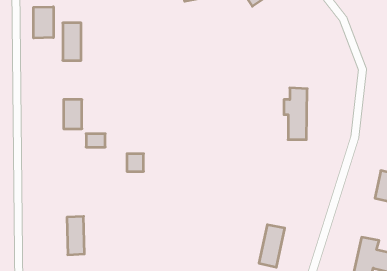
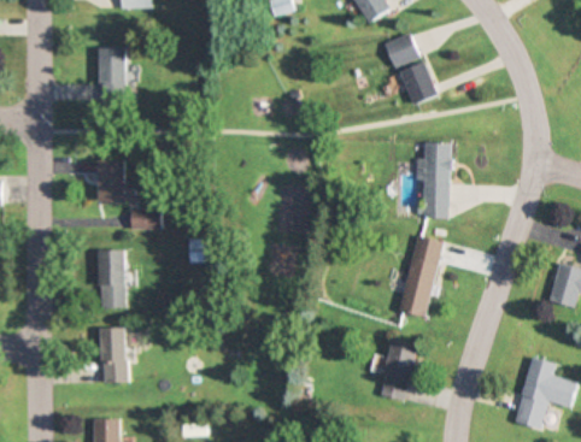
building: [34,7,53,38] -> none
building: none -> [387,34,422,67]
building: none -> [404,63,441,105]
building: none -> [400,235,442,316]
building: none -> [101,249,127,308]

